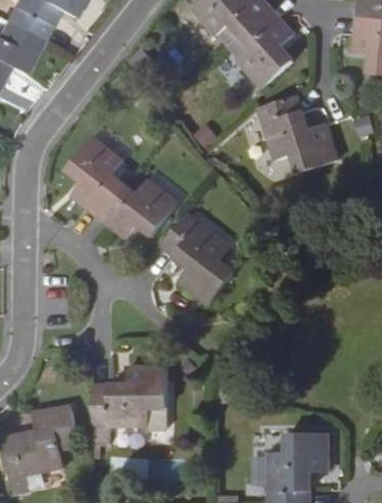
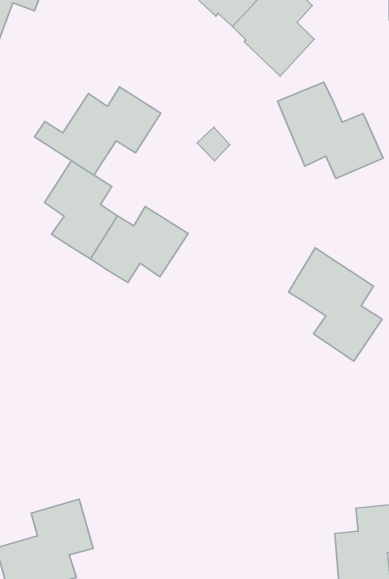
building: none -> [35,87,161,175]
building: [161,213,233,305] -> [288,248,382,361]
building: [93,366,168,444] -> none

